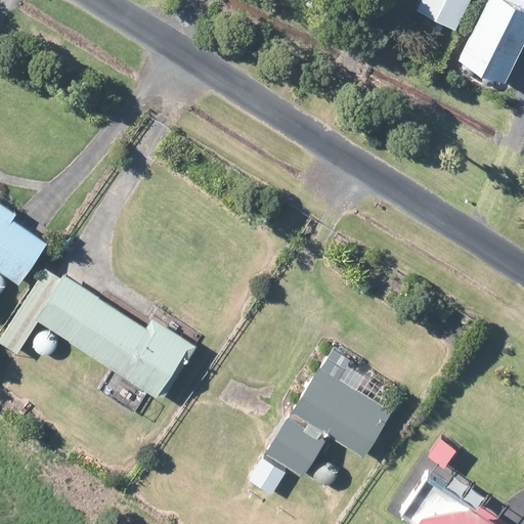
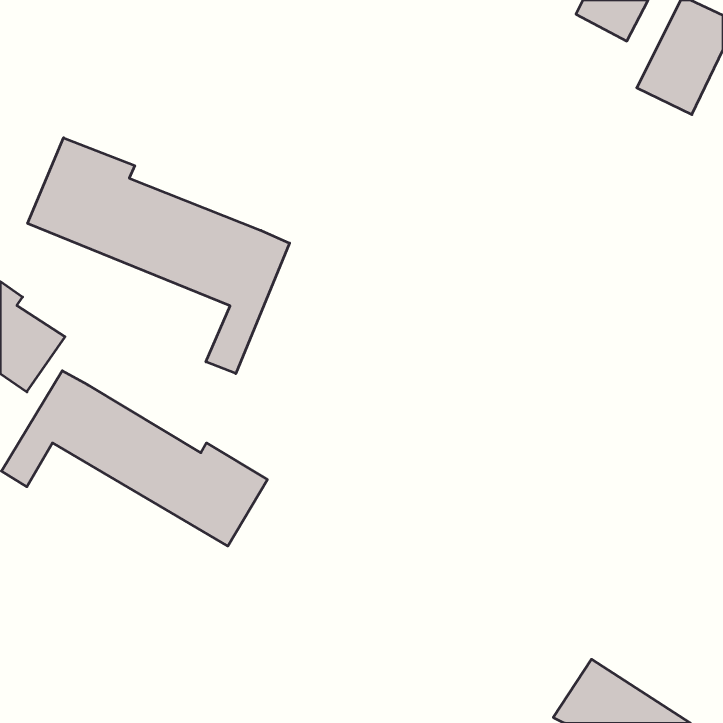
building: none -> [28,138,290,374]
building: [248,349,393,496] -> none

